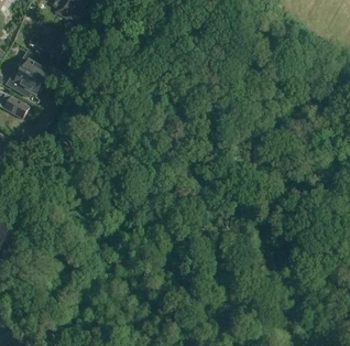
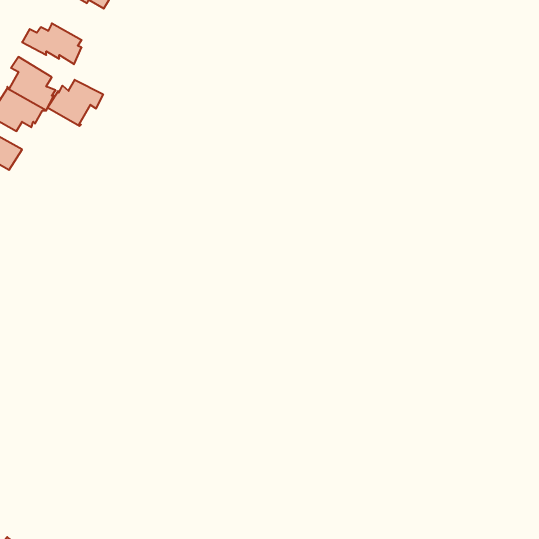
building: none -> [48,80,103,126]

